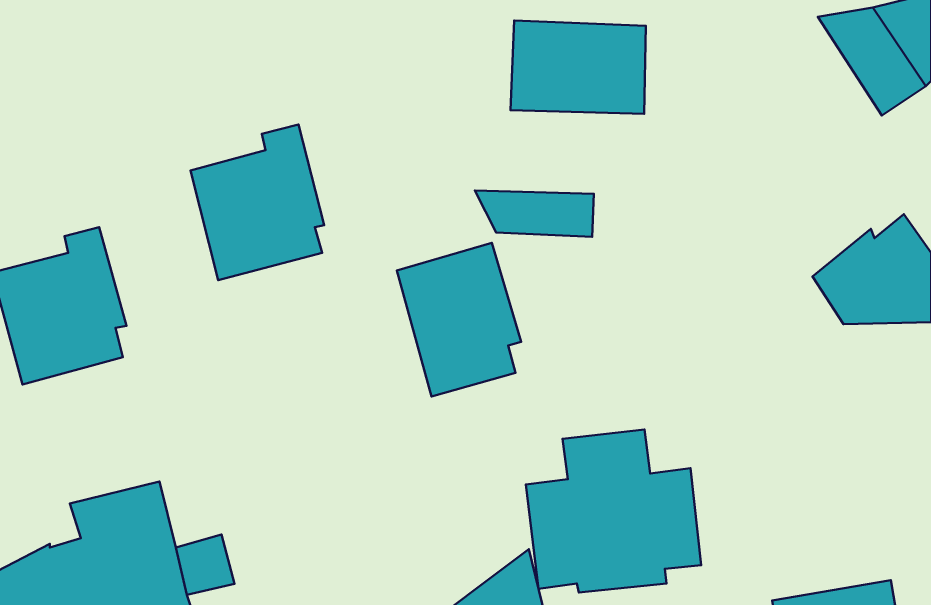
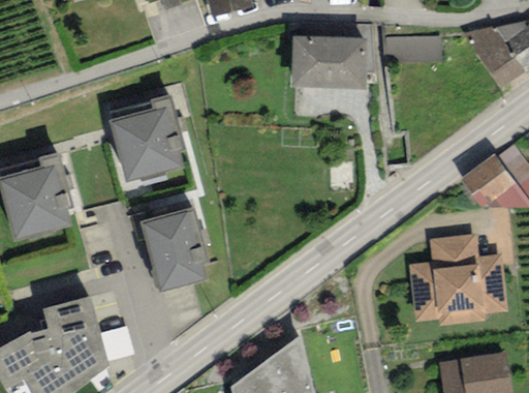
building: none -> [386,34,441,61]
building: [475,190,594,237] -> none
building: [397,243,521,397] -> [139,205,210,292]
building: [526,430,701,592] -> [408,232,507,324]

